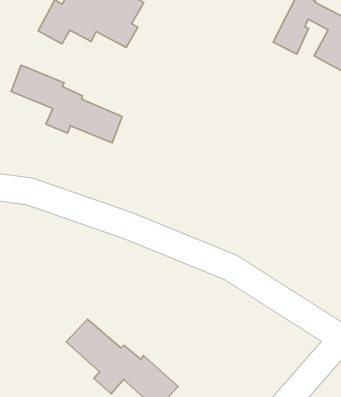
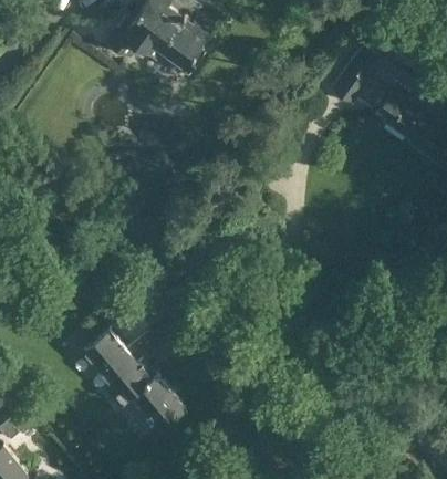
building: [11,65,122,143] -> none

